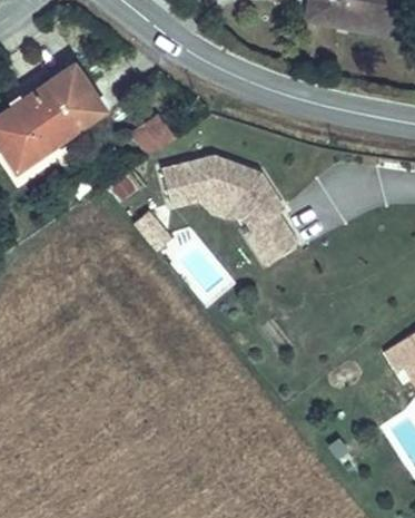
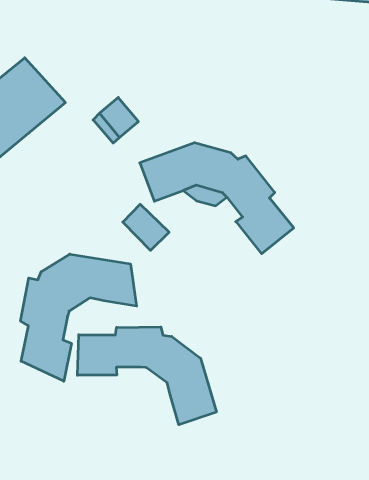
building: none -> [21,254,137,381]
building: none -> [77,327,216,425]

